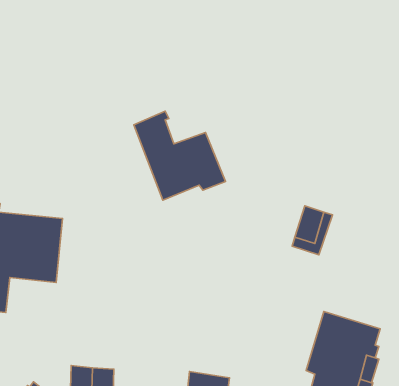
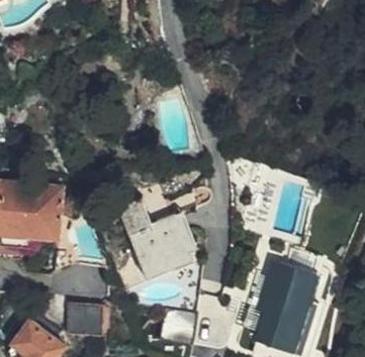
building: [134,111,225,200] -> [117,196,191,267]

